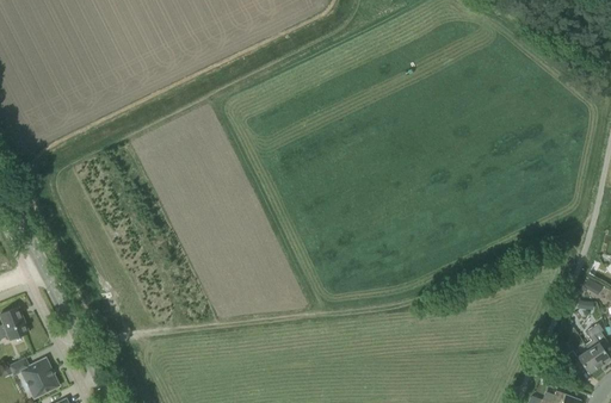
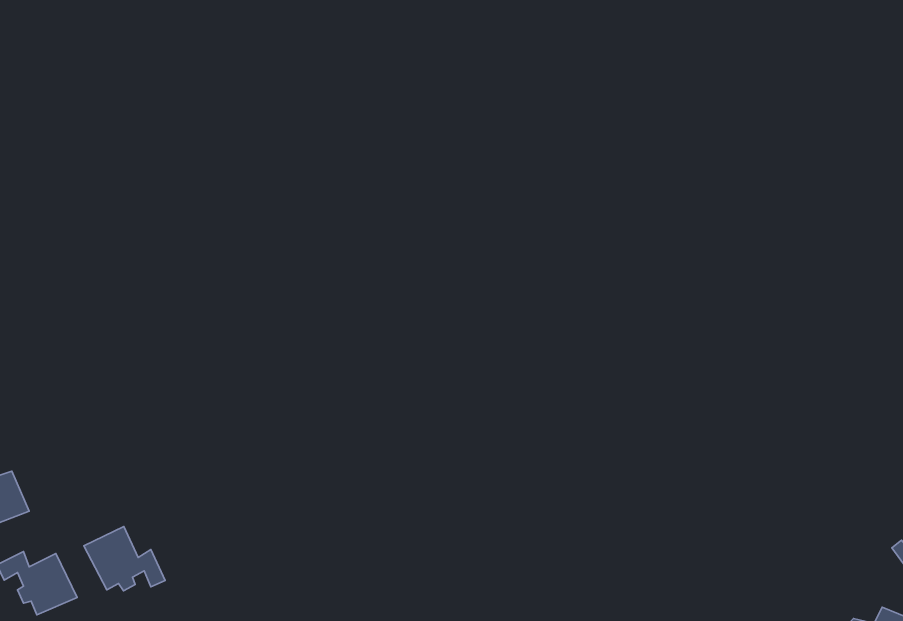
building: none -> [84,527,165,591]

